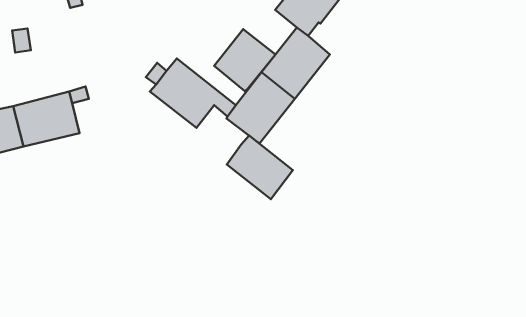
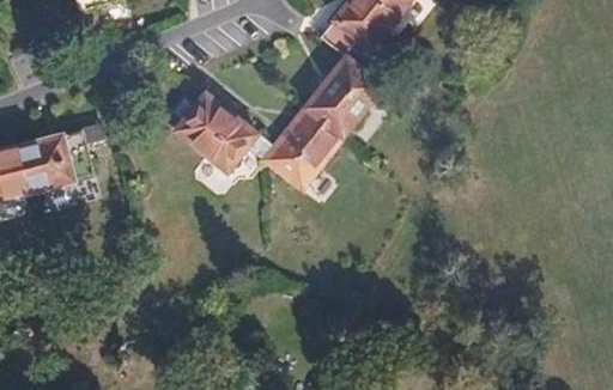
building: [214,29,276,91] -> none
building: [227,136,293,199] -> none

